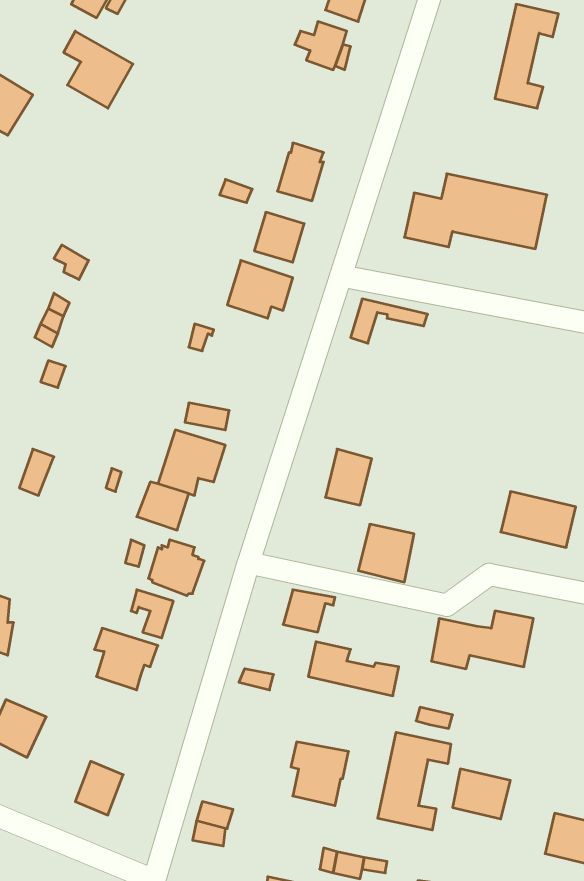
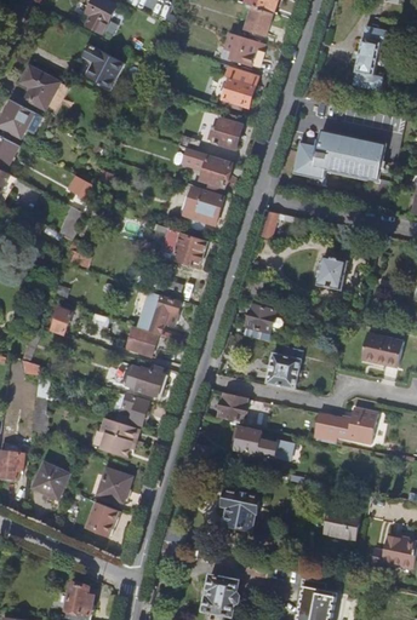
building: none -> [221,65,258,108]
building: none -> [172,234,206,268]
building: none -> [313,256,347,291]
building: none -> [96,467,131,501]
building: [378,732,451,830] -> none

